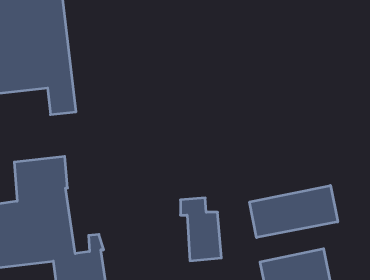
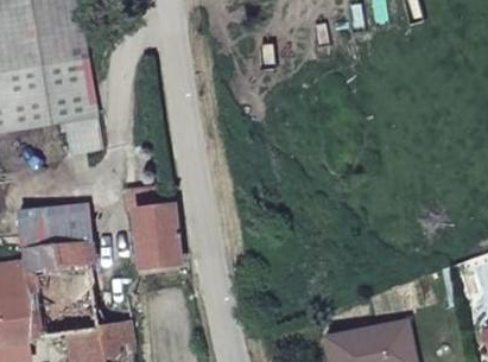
building: [250,185,338,238] -> none
building: [180,198,221,261] -> [126,188,177,266]

